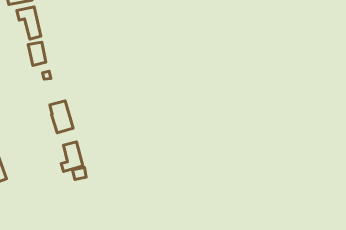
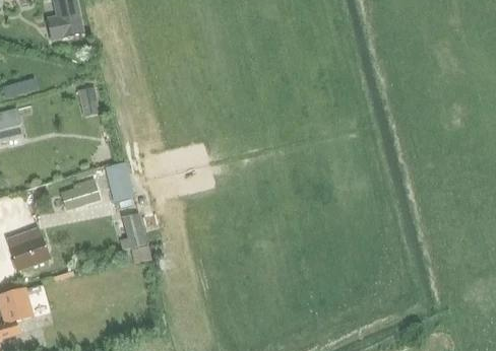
building: [17,7,41,39] -> none
building: none -> [60,179,100,210]

